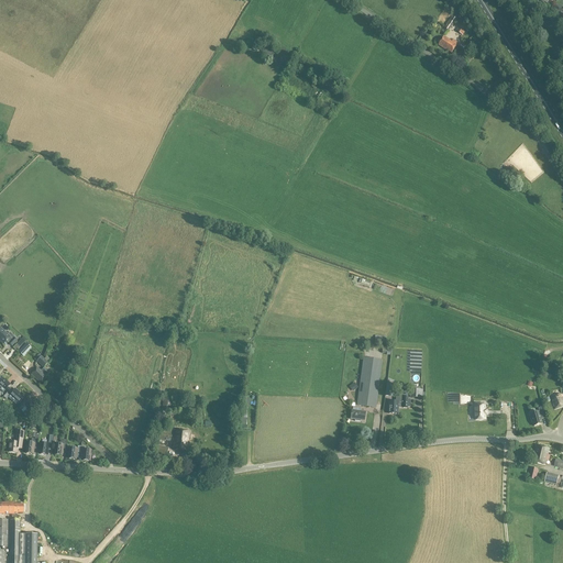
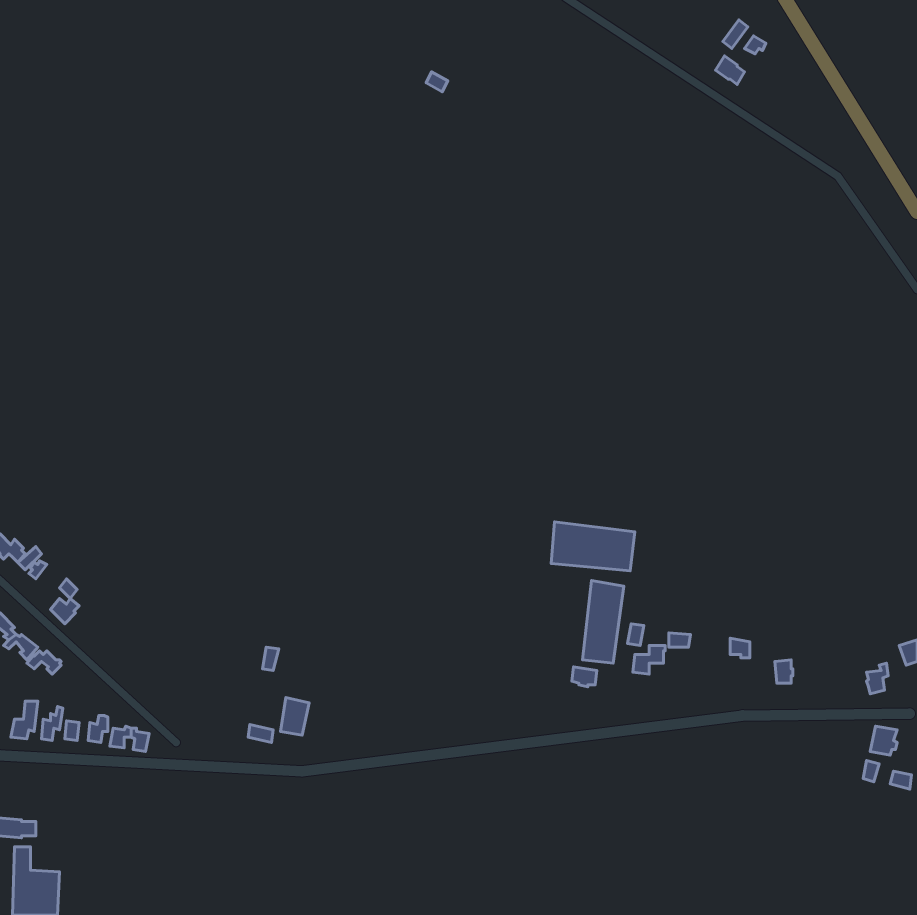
building: none -> [551,522,635,571]

